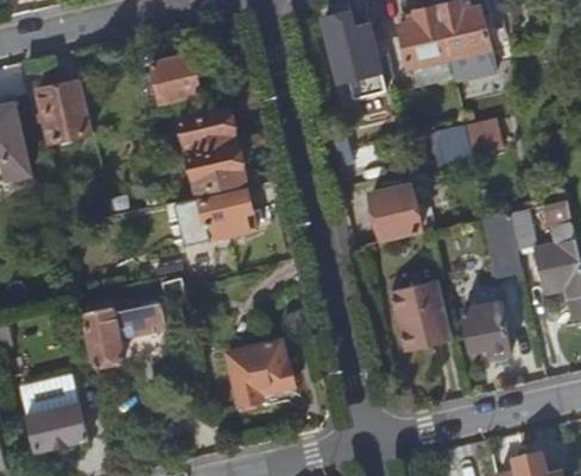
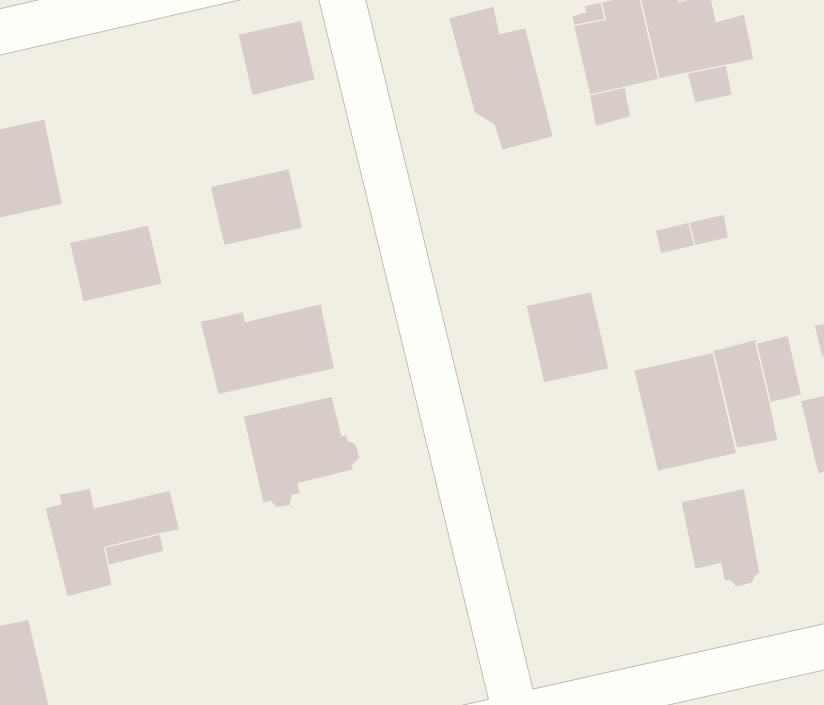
building: [153,55,200,100] -> [238,20,315,96]
building: [189,145,245,191] -> [69,225,162,302]
building: [390,279,451,350] -> [634,352,737,471]
building: [227,341,297,407] -> [243,396,360,507]

